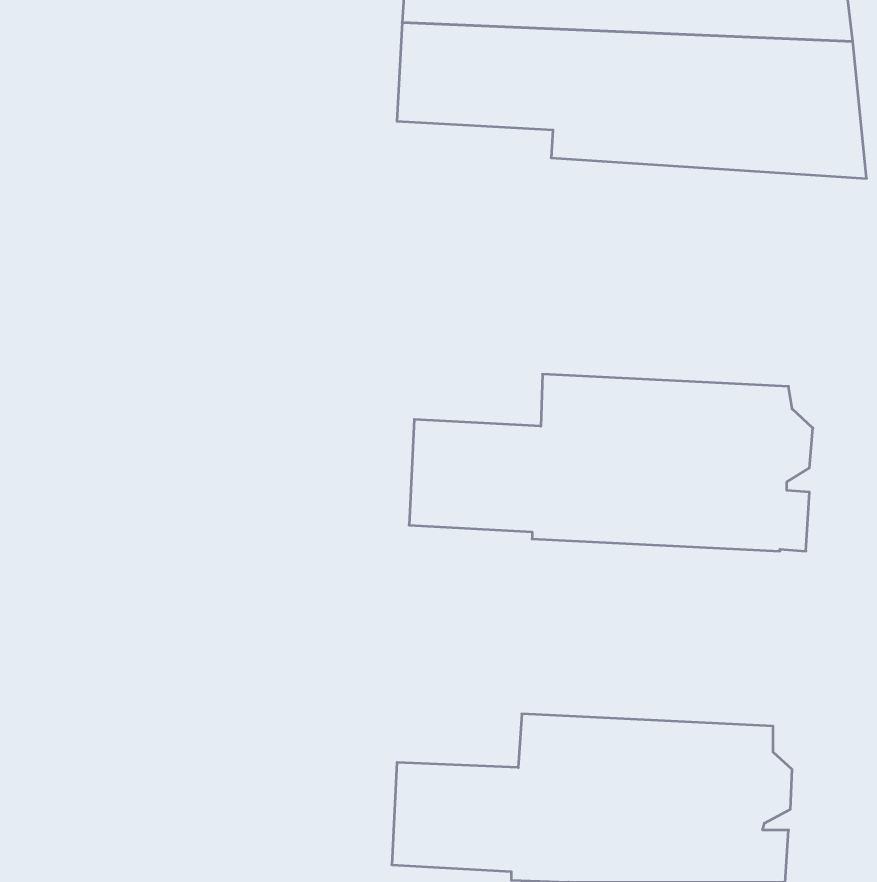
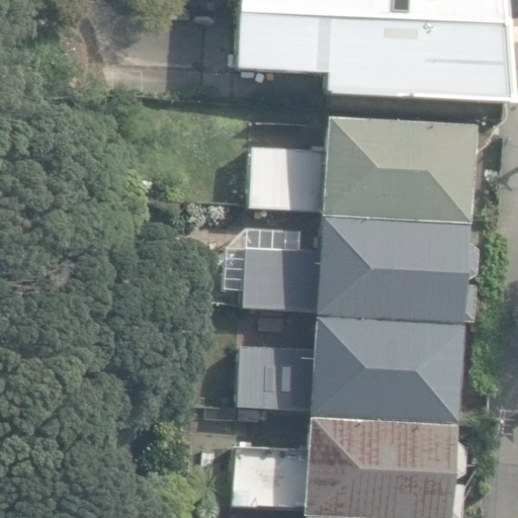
building: none -> [253,119,468,221]
building: none -> [239,318,462,422]

